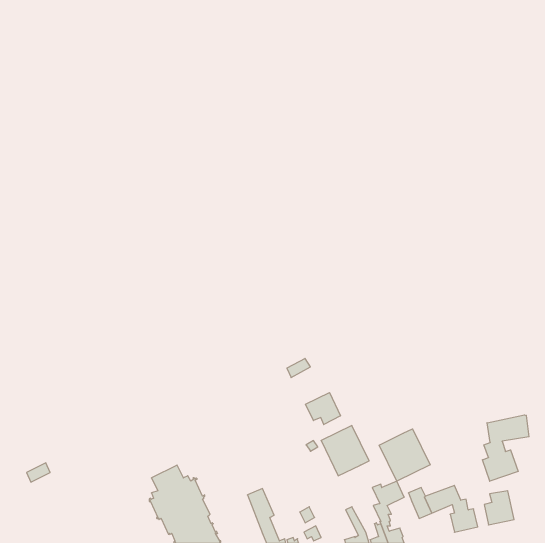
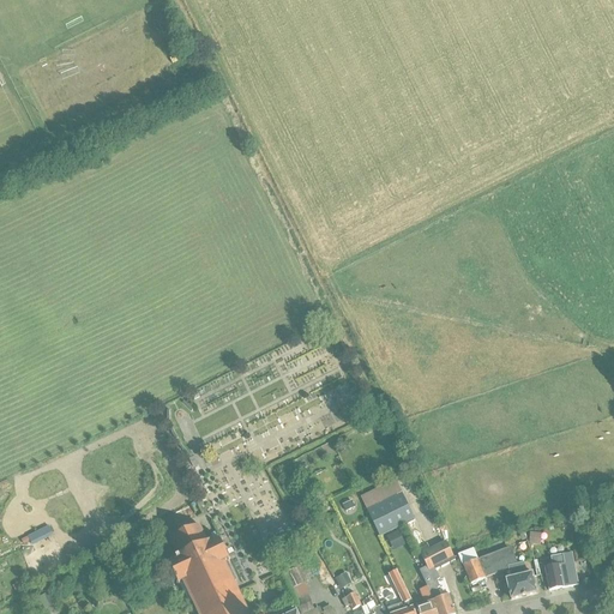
building: [306,393,340,425] -> none
building: [482,415,529,481] -> none
building: [379,429,430,481] -> none

